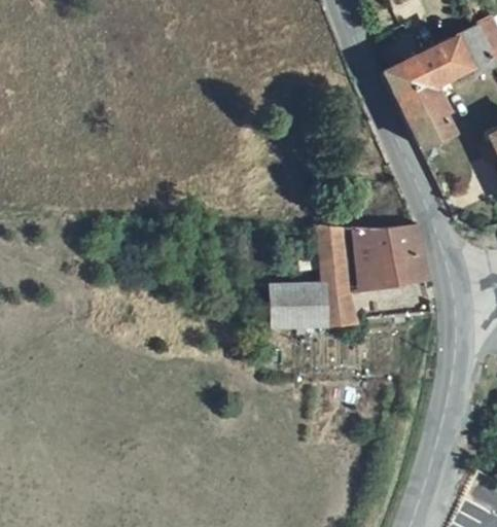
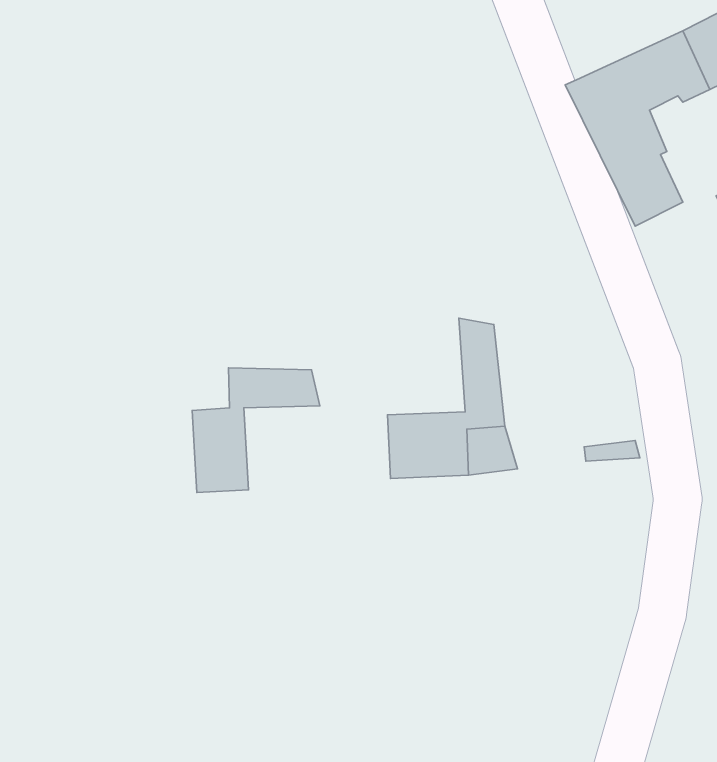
building: [353,222,427,288] -> none
building: none -> [192,368,320,492]

